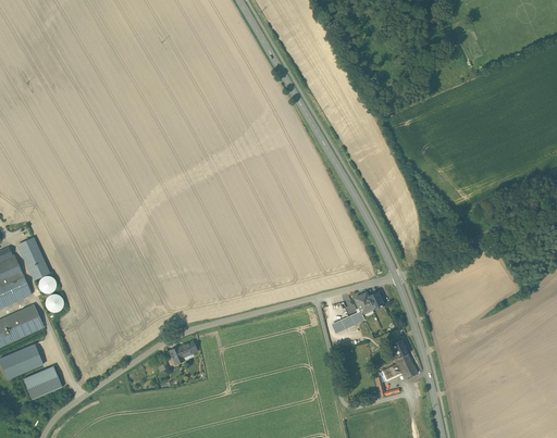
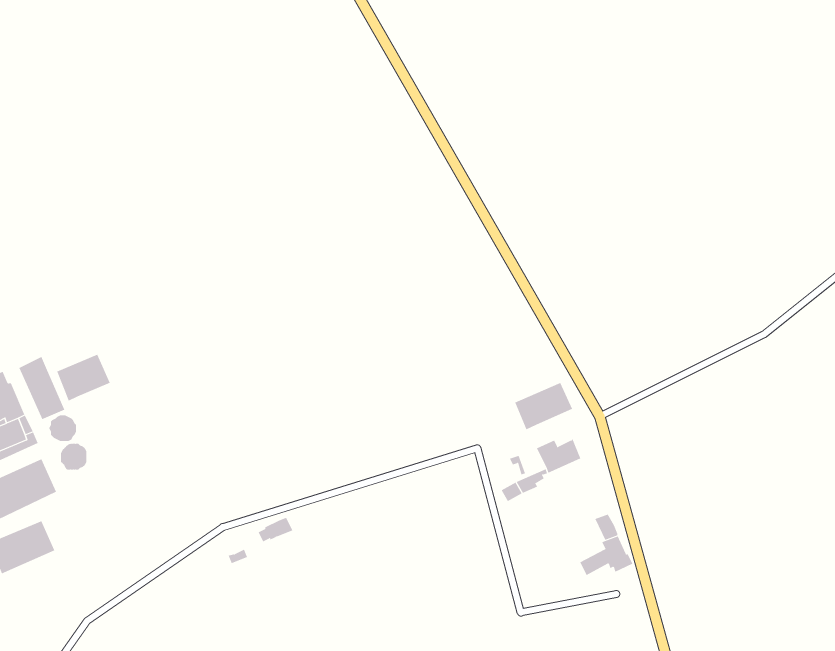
building: none -> [56,354,110,401]
building: none -> [515,382,573,430]
building: [23,366,62,399] -> none

